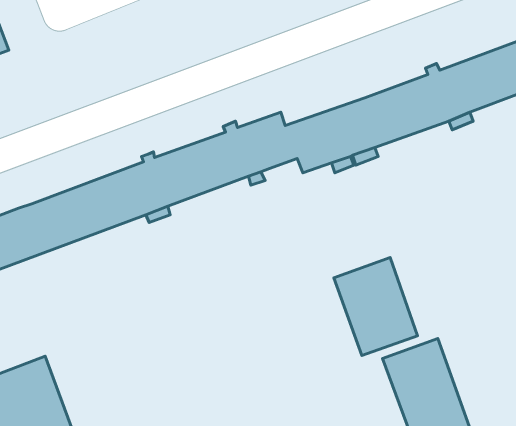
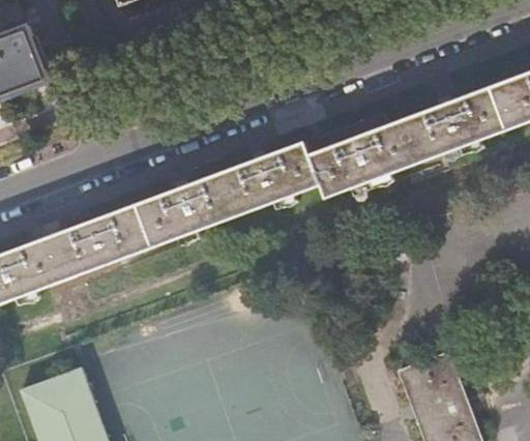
building: [334,257,417,355] -> none

